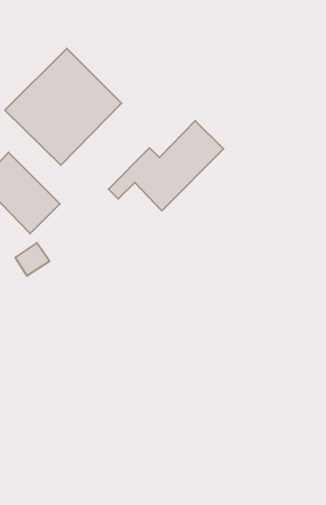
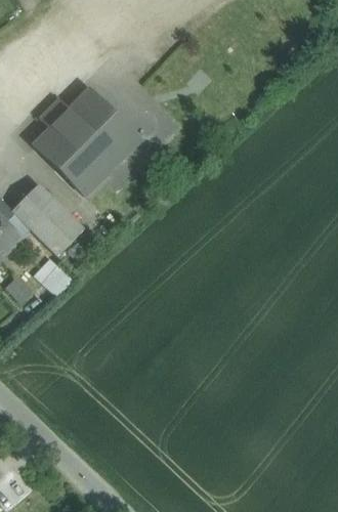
building: [108,121,224,211] -> none

